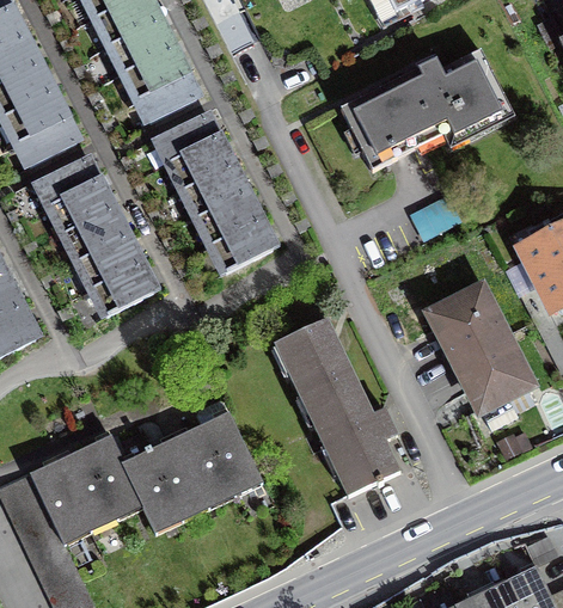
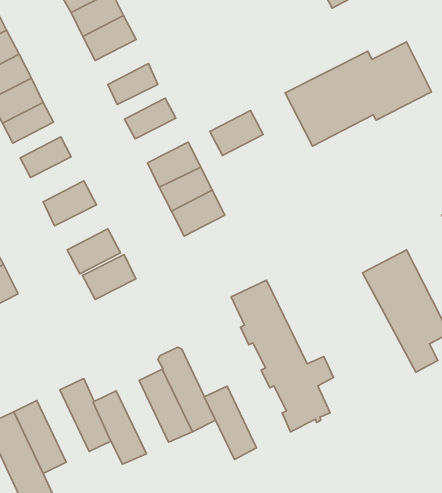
building: [124,47,185,98] -> none
building: [170,136,231,188] -> [210,111,263,156]
building: [50,180,111,232] -> none
building: [78,235,139,287] -> [83,255,136,300]
building: [148,436,208,520] -> [204,386,257,459]
building: [57,447,117,529] -> none

